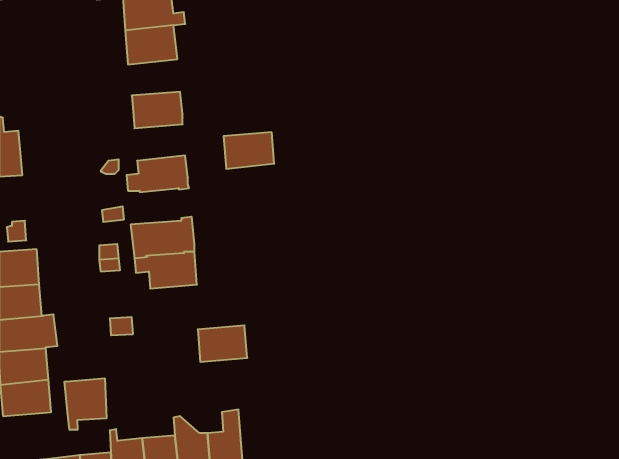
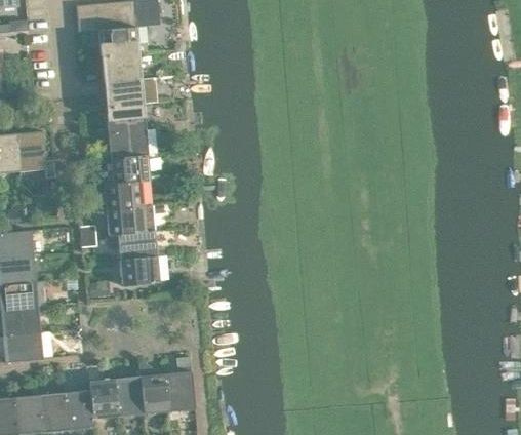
building: none -> [102,80,143,109]
building: none -> [15,134,53,179]
building: [224,132,274,169] -> [107,131,147,160]
building: none -> [102,182,144,210]
building: [198,325,247,362] -> [119,258,158,286]
building: [65,378,106,430] -> none

